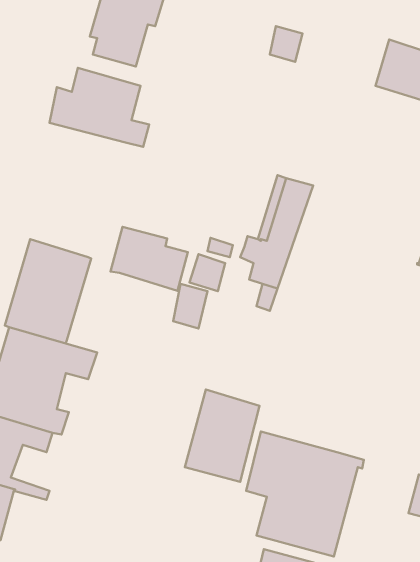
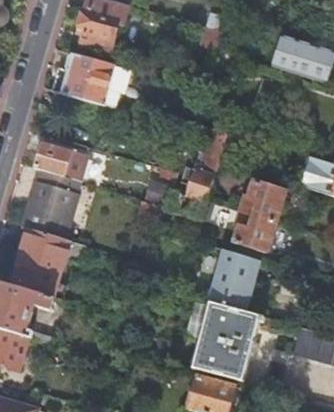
building: [111,227,188,291] -> [33,137,85,180]
building: none -> [234,181,284,252]
building: [185,390,259,482] -> [208,249,258,311]

